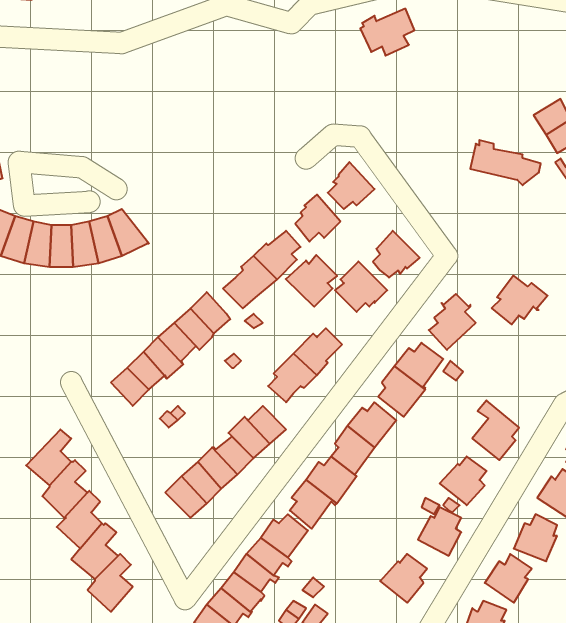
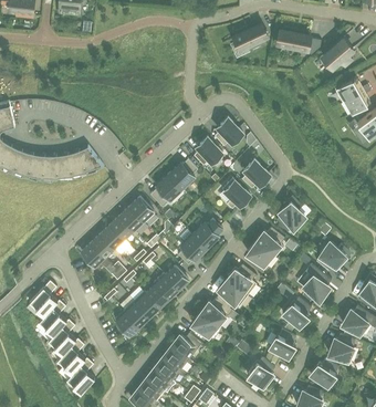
building: none -> [322,38,353,67]
building: [470,140,541,185] -> [278,27,321,54]
building: [286,255,337,307] -> none
building: [492,276,548,324] -> [315,241,349,271]

